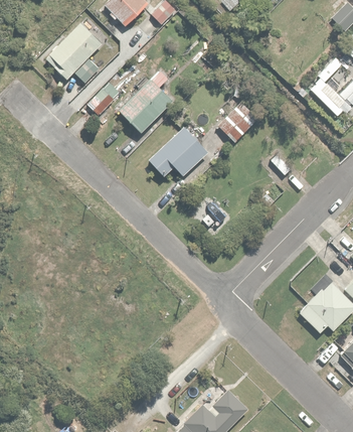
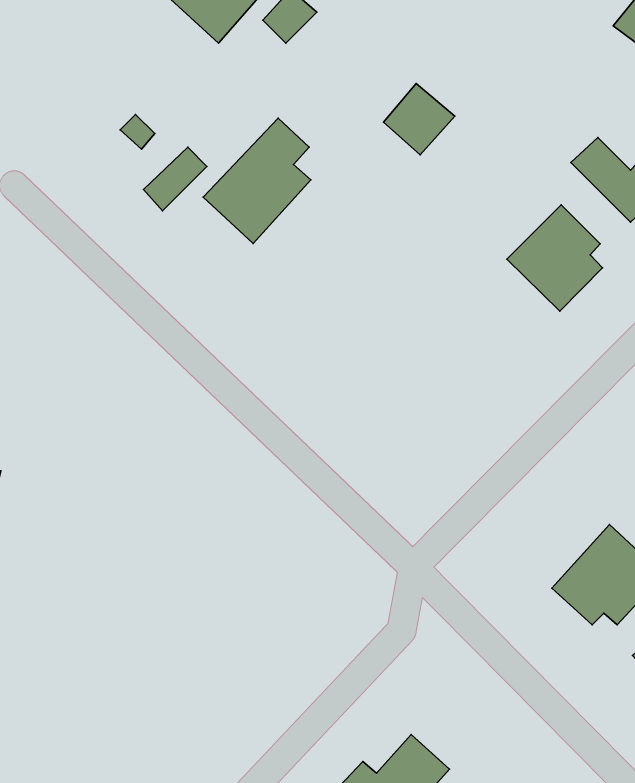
building: [44,22,103,80] -> none
building: [217,107,254,144] -> [384,83,455,155]
building: none -> [507,205,603,311]
building: [148,125,206,176] -> none

